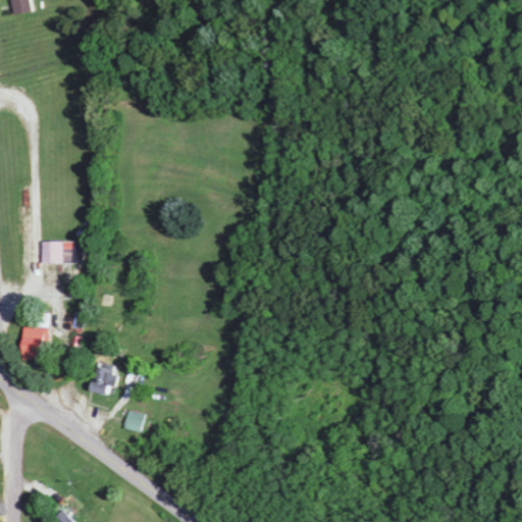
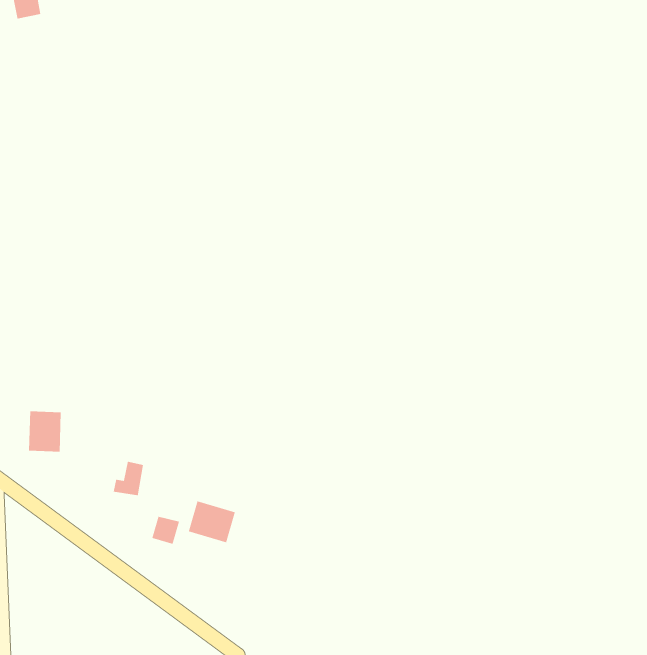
building: [40,240,81,263] -> none
building: none -> [188,500,236,543]

